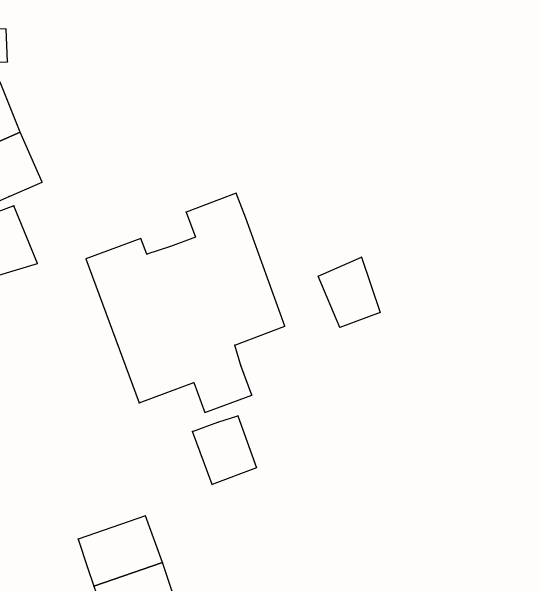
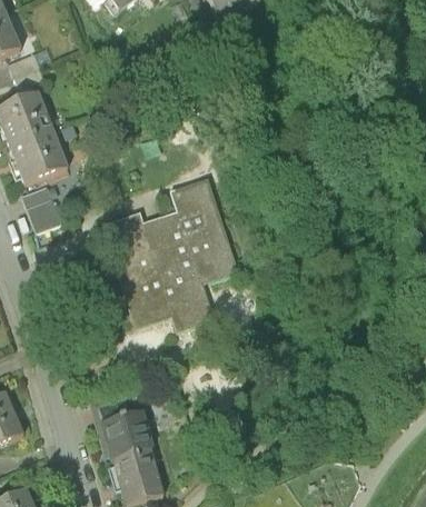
building: [318,257,380,327] -> none
building: [192,416,257,485] -> none

